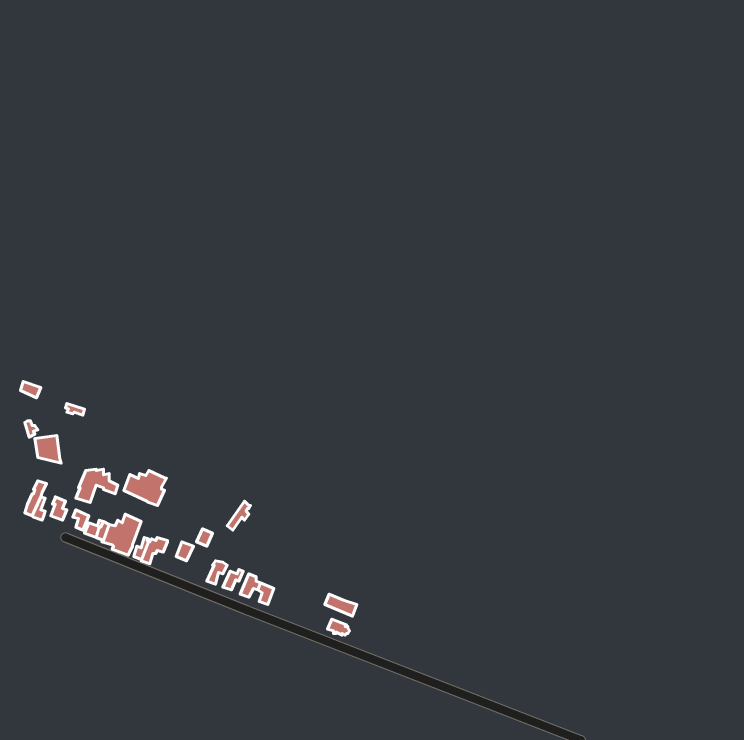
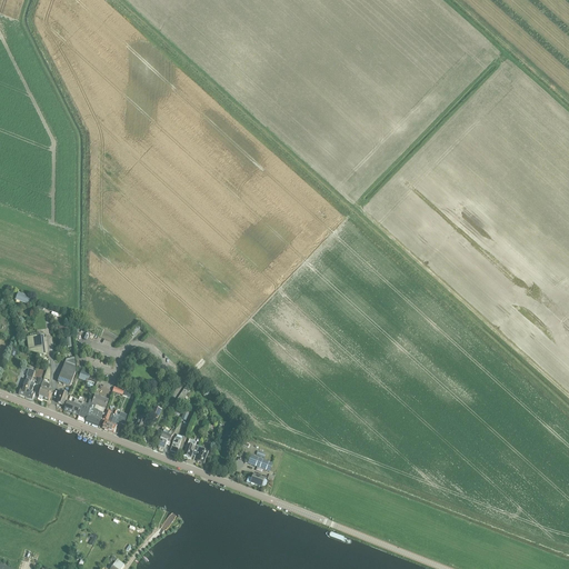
building: [124,471,167,505] -> none

